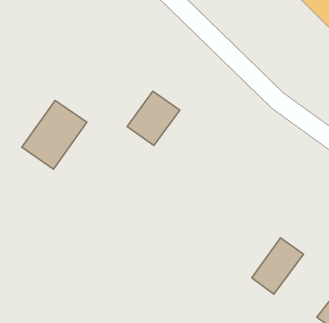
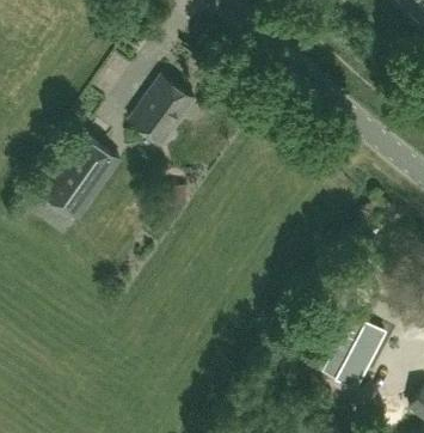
building: [127,91,180,146] -> [128,78,193,146]

